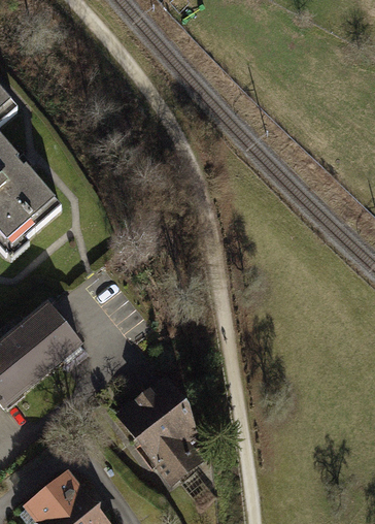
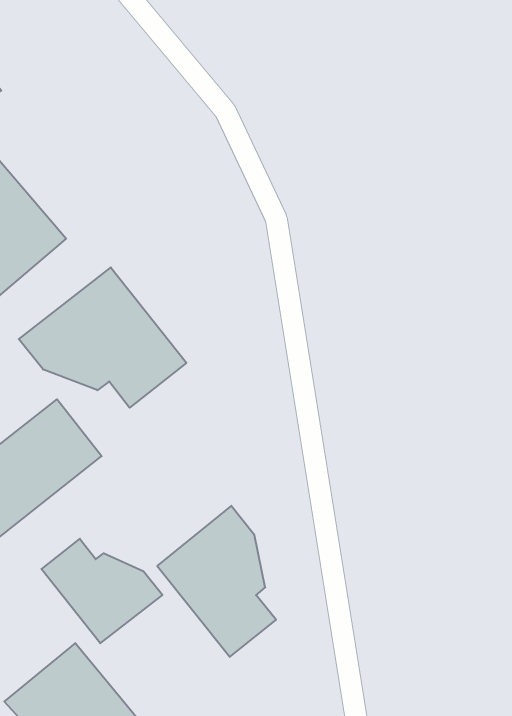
building: none -> [19,267,186,408]
building: none -> [41,539,162,643]

